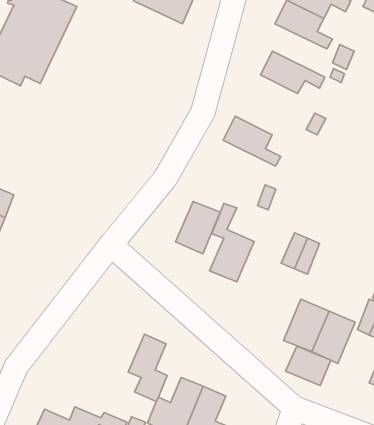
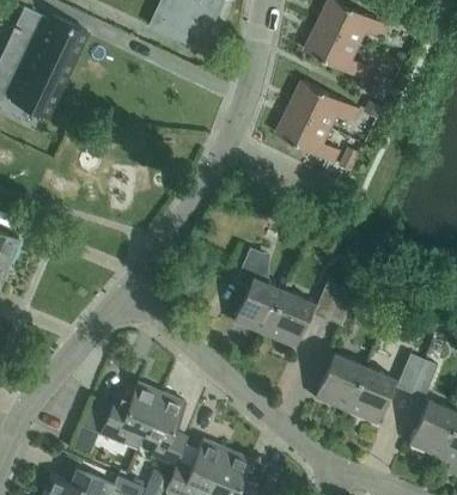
building: [223,116,281,166] -> [276,108,340,163]
building: [176,201,220,254] -> [263,291,312,348]
building: none -> [99,383,162,450]
building: [286,346,331,386] -> none

